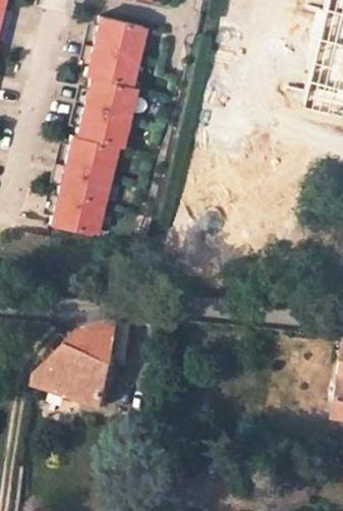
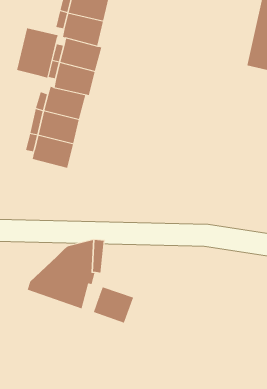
building: none -> [16,28,58,78]
building: none -> [93,286,134,323]

